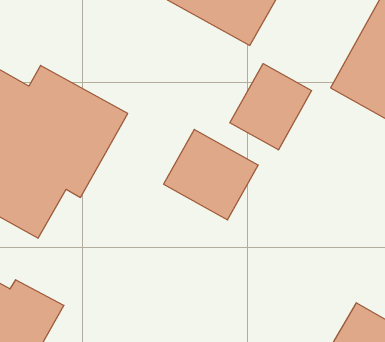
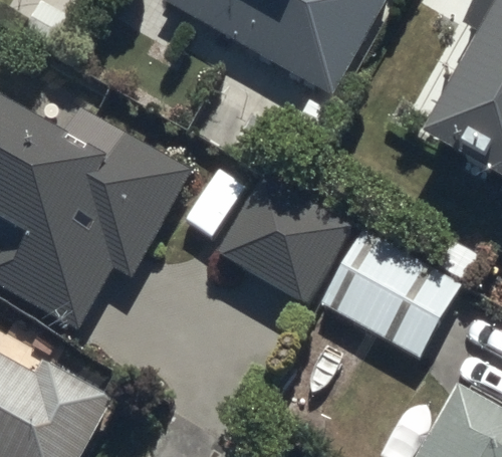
building: [230,64,312,150] -> none
building: none -> [329,238,453,353]

